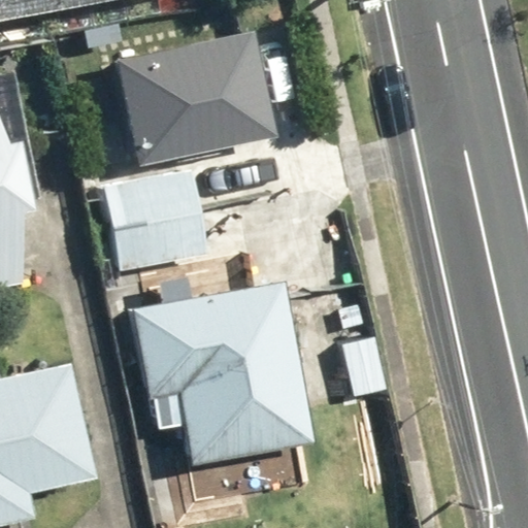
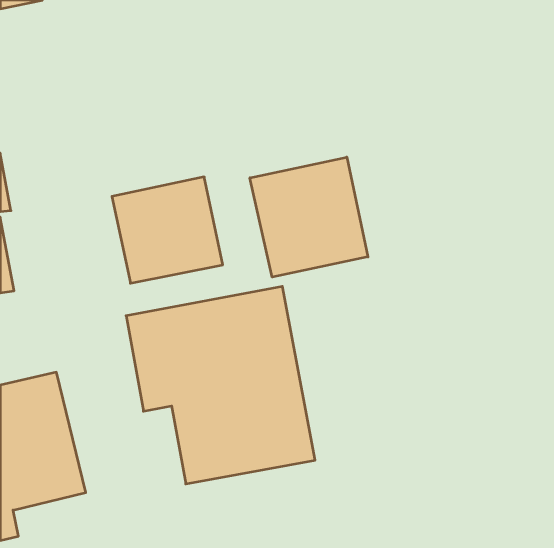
building: [124,41,278,164] -> none
building: none -> [250,157,368,277]

